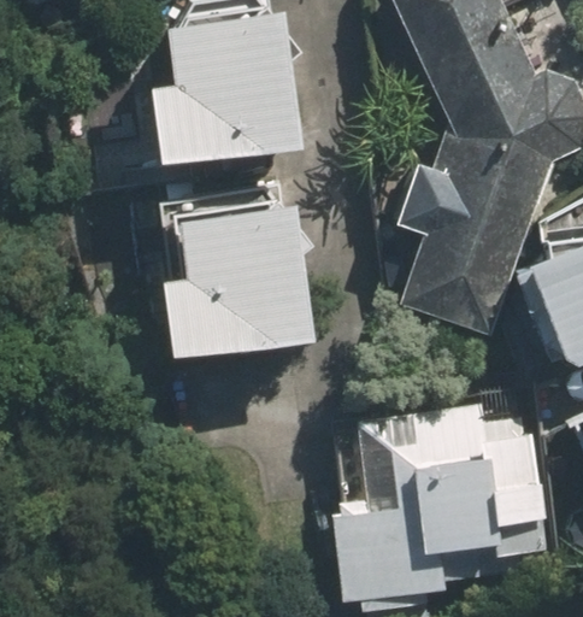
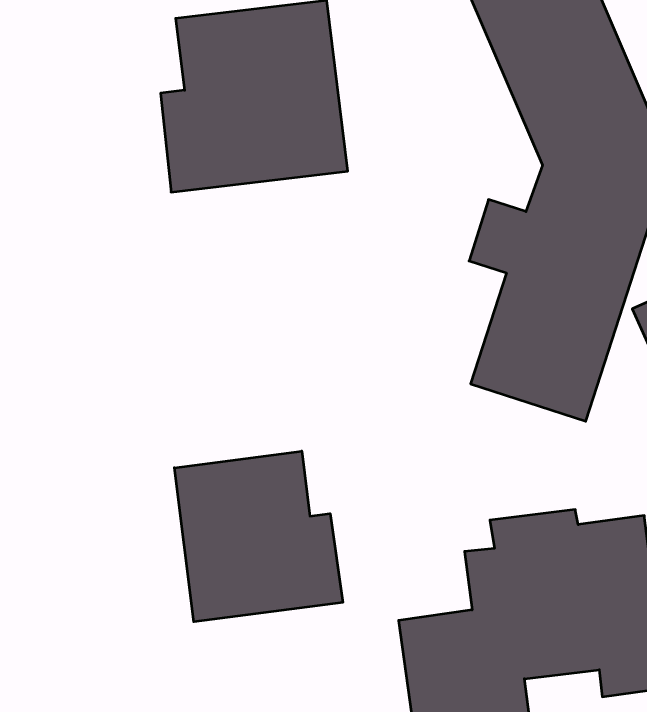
building: [155,192,318,359] -> none
building: none -> [174,451,343,622]

